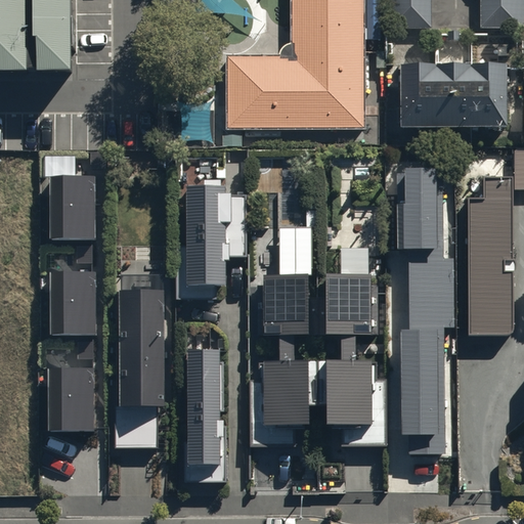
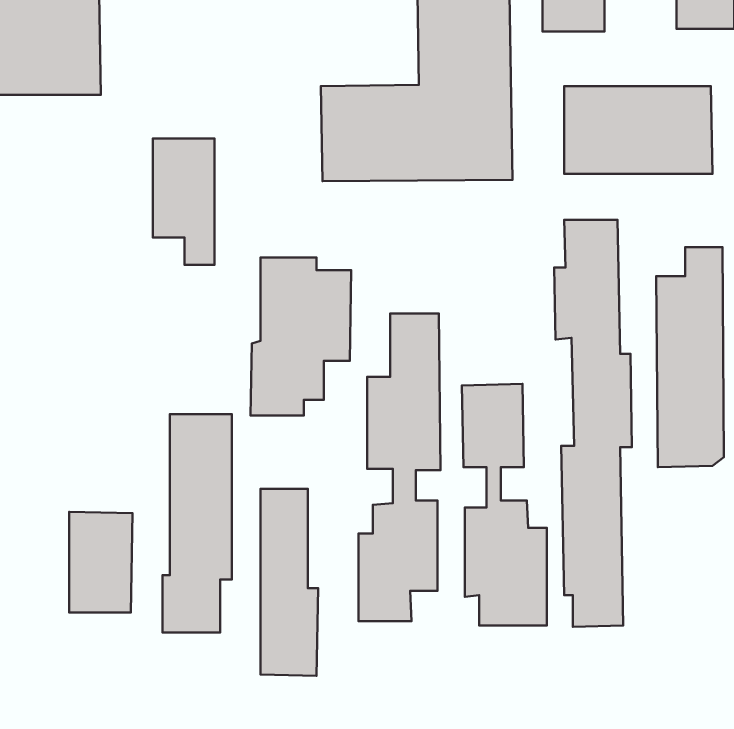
building: [50,174,94,264] -> [153,138,215,265]
building: [51,269,95,359] -> none

